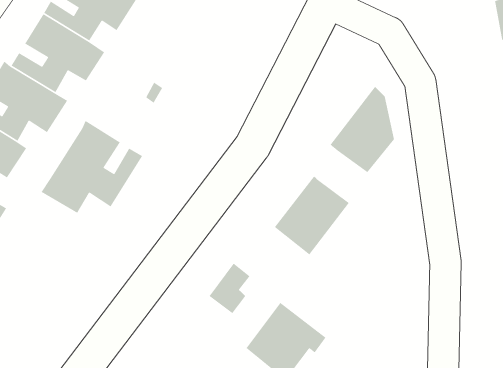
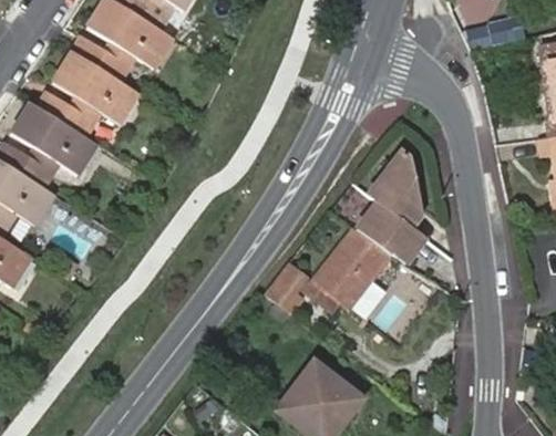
building: [41,120,143,214] -> none
building: none -> [357,201,424,262]
building: [208,262,251,314] -> [266,257,310,311]

